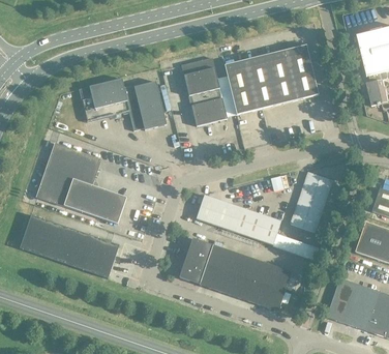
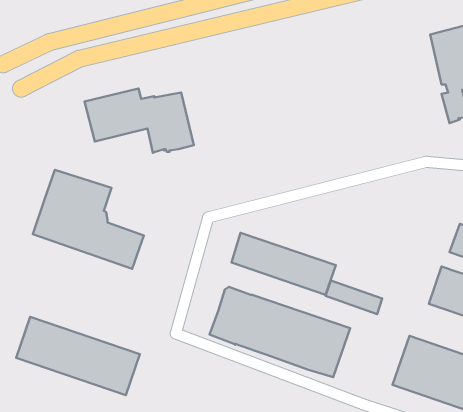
building: [225,45,318,114] -> none
building: [181,57,227,125] -> none
building: [290,172,332,232] -> none
building: [20,214,119,277] -> [16,317,140,395]

